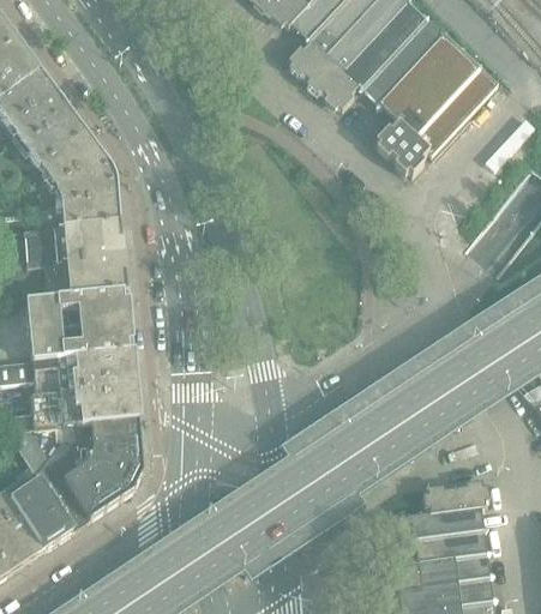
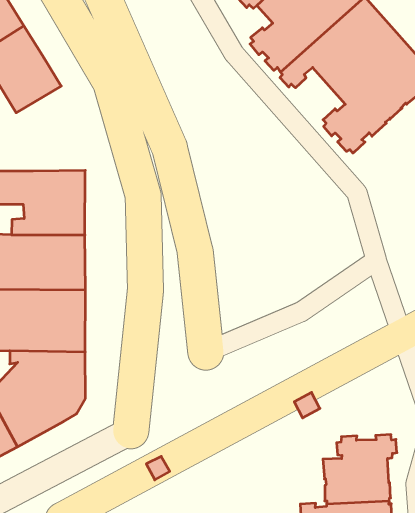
building: [40,130,121,225] -> none

